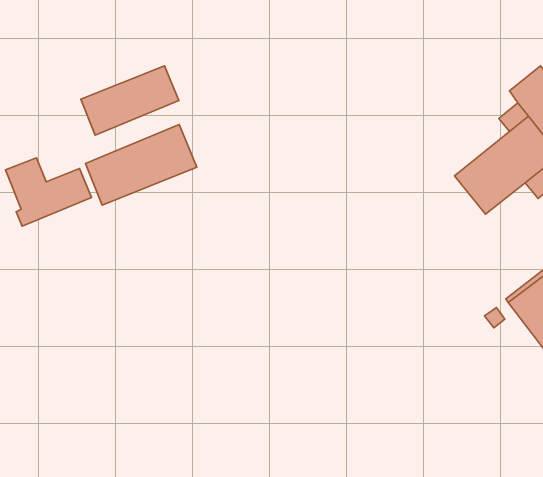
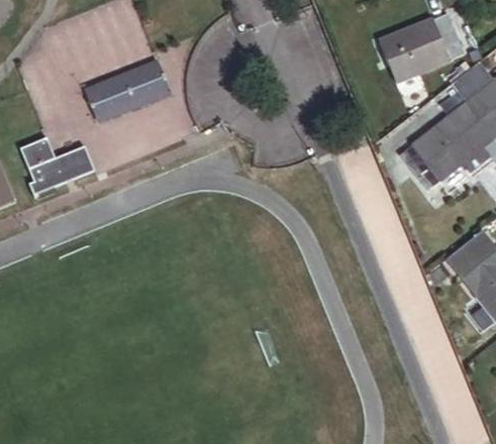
building: none -> [379,13,463,79]
building: [85,124,197,205] -> none

